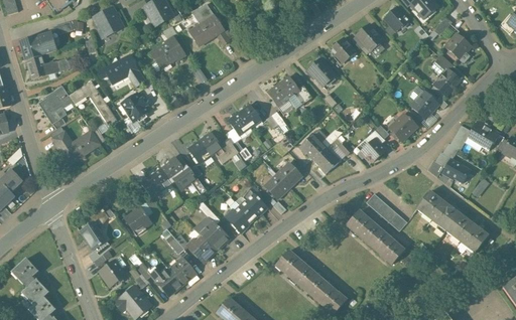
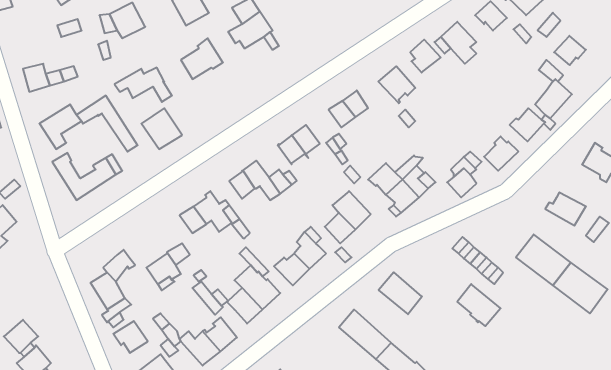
building: [21,33,56,60] -> none
building: [347,211,381,245] -> [379,272,422,314]

